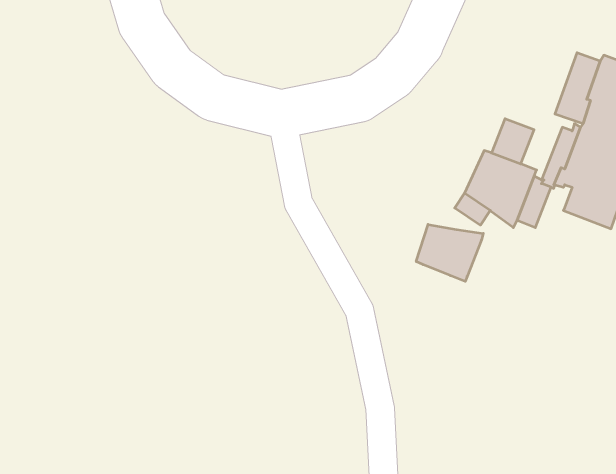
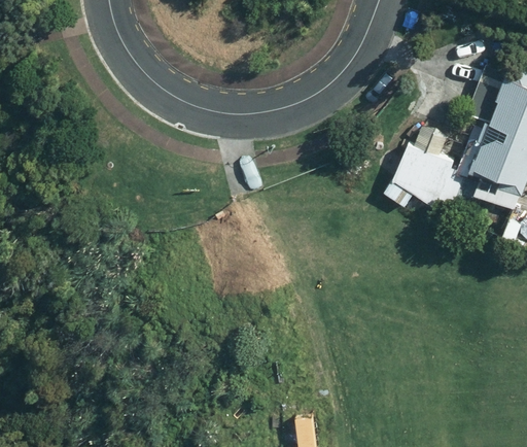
building: [416,224,483,281] -> none

